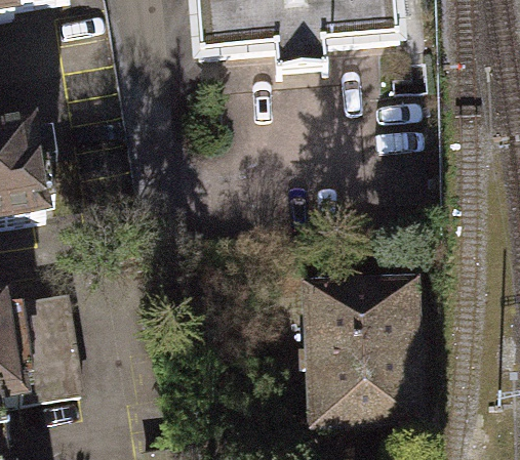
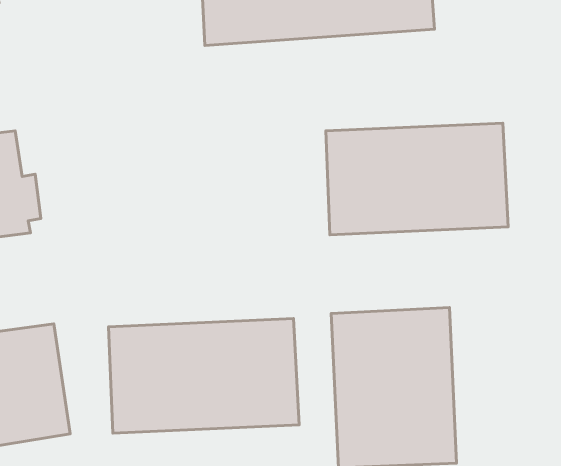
building: none -> [326,123,508,235]
building: none -> [109,319,299,433]

